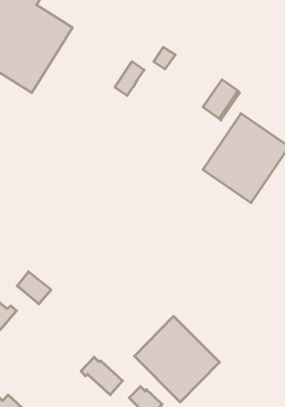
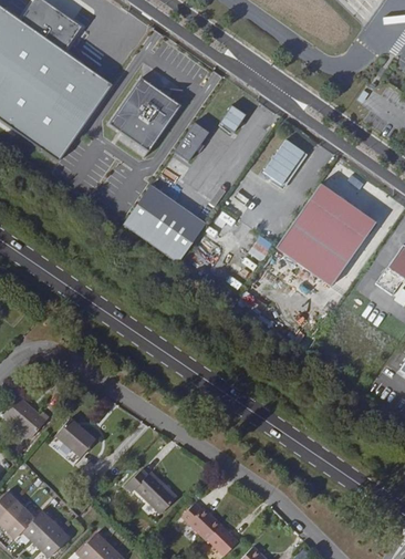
building: none -> [117,80,188,152]
building: none -> [116,185,200,265]
building: [17,272,51,304] -> [55,418,95,456]
building: [134,316,220,402] -> none

